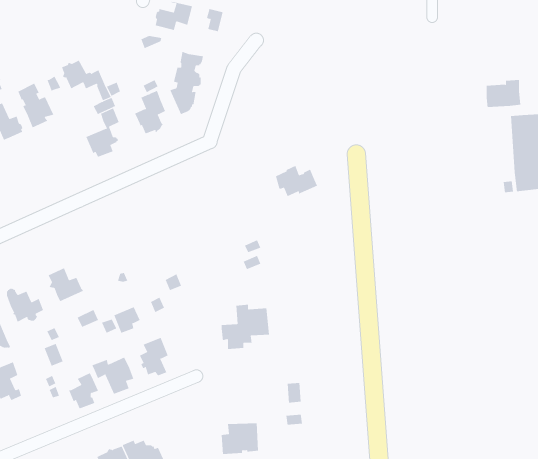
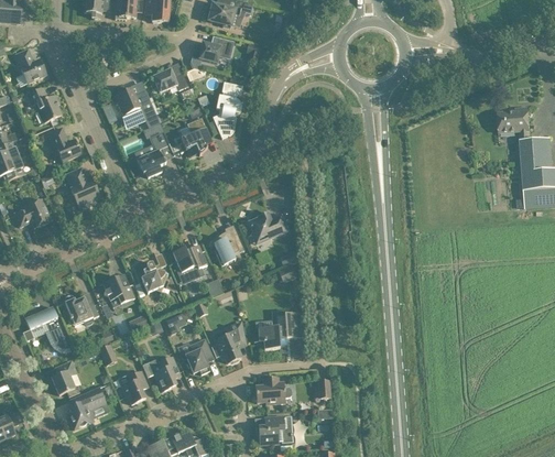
building: none -> [152,69,187,93]
building: [18,83,54,128] -> [65,167,98,208]
building: [275,165,318,197] -> [248,211,286,240]
building: none -> [213,226,242,265]
building: none -> [172,246,206,281]
building: none -> [140,262,166,293]
building: none -> [210,322,244,363]
building: none -> [253,377,291,404]
building: none -> [67,388,105,429]

